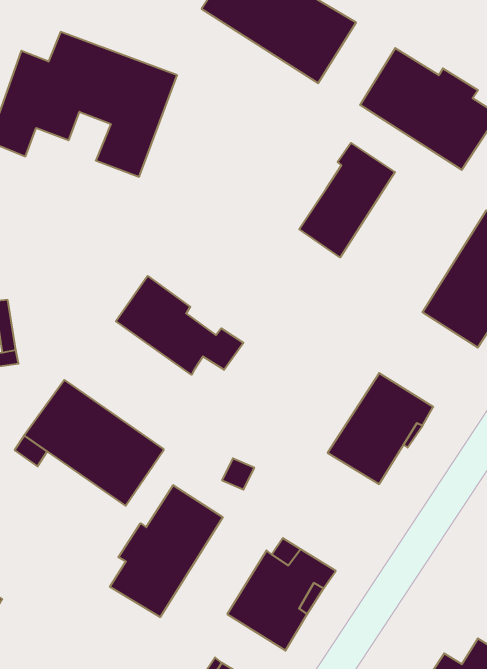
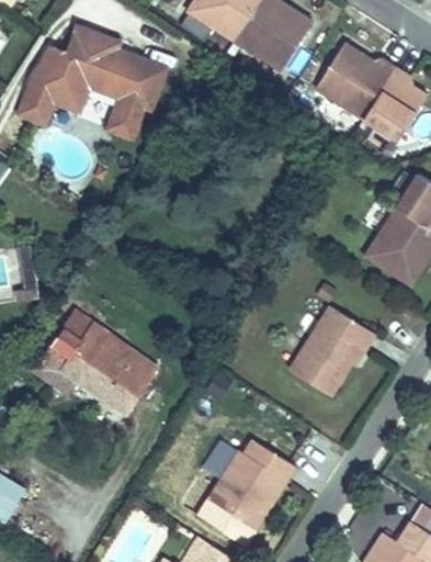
building: [299,143,395,257] -> none
building: [116,276,243,375] -> none
building: [110,485,223,617] -> none

